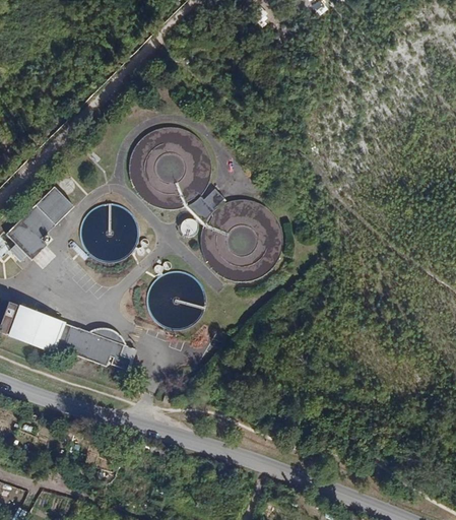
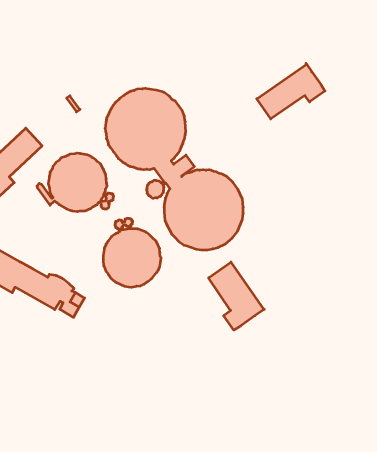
building: none -> [257,63,325,119]
building: none -> [209,262,264,330]

